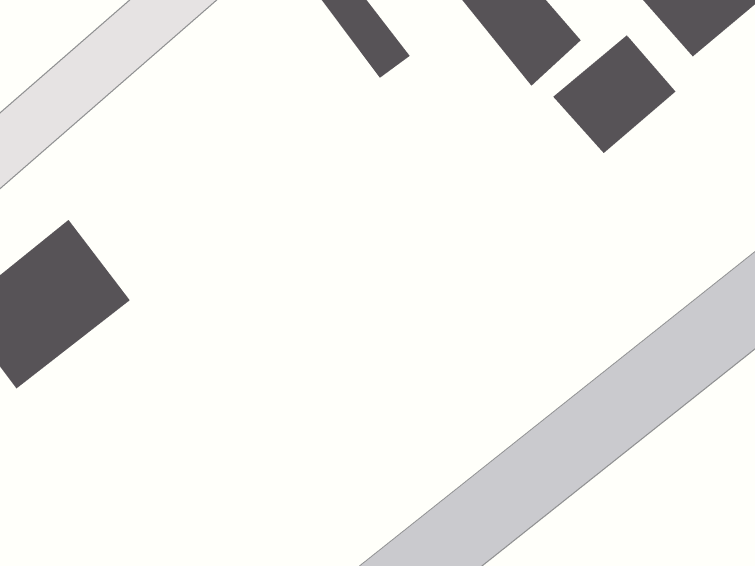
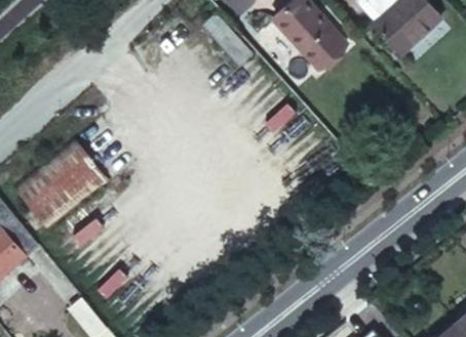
building: [552,34,676,154] -> none

